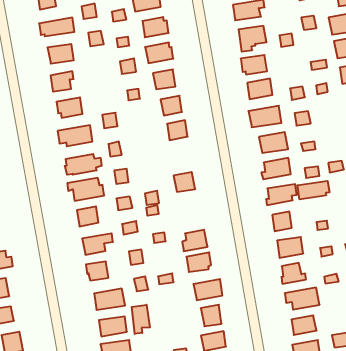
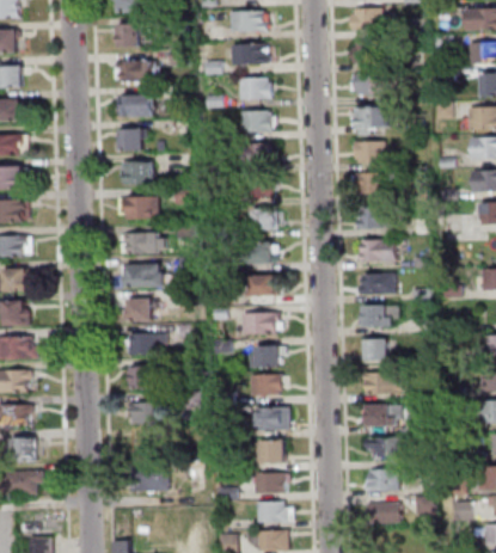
building: none -> [247,242,273,264]
building: [297,181,329,199] -> none
building: none -> [241,313,275,336]
building: [132,305,150,334] -> none

